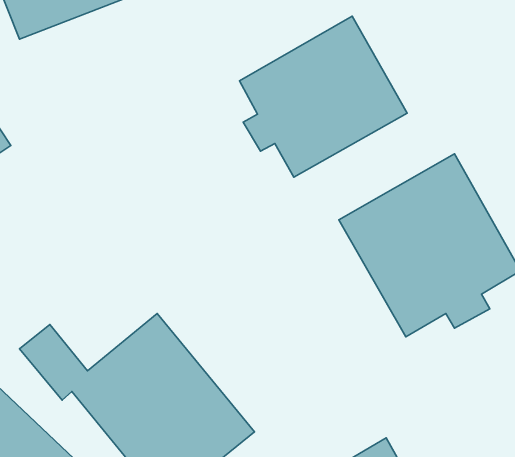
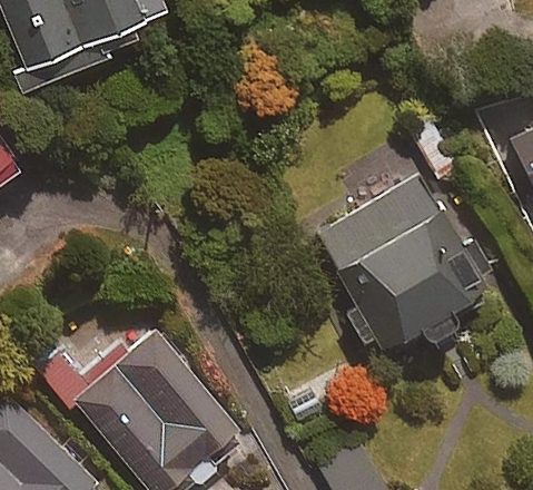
building: [240,16,407,177] -> none

